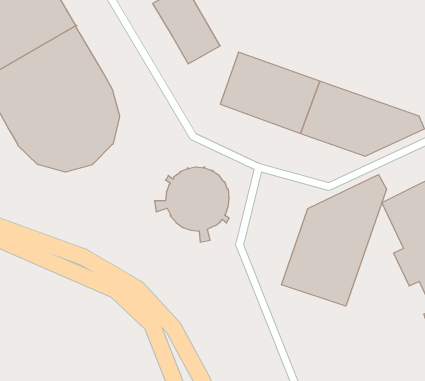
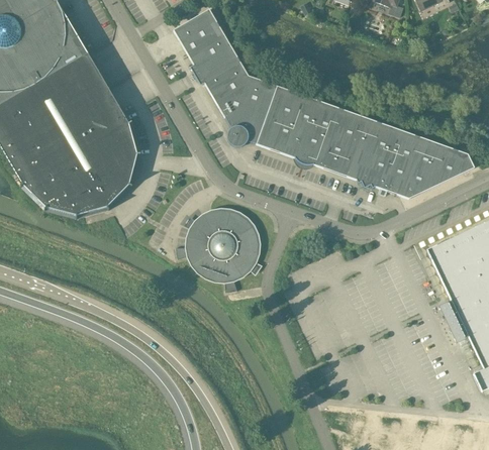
building: none -> [212,76,268,147]
building: [282,175,387,306] -> none

